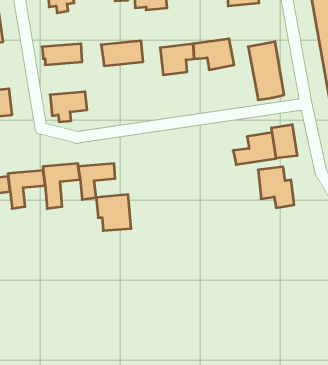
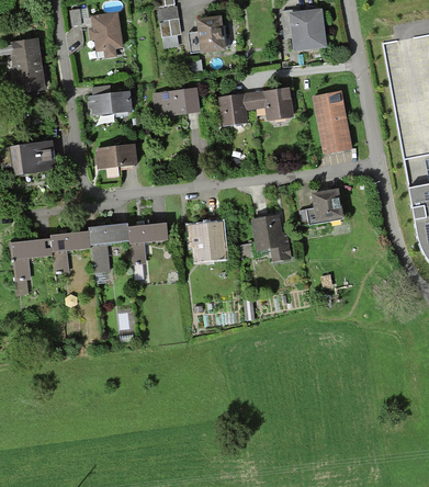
building: [271,124,297,158] -> none
building: [258,167,294,208] -> [252,214,292,259]
building: [96,195,131,231] -> [188,220,226,260]

